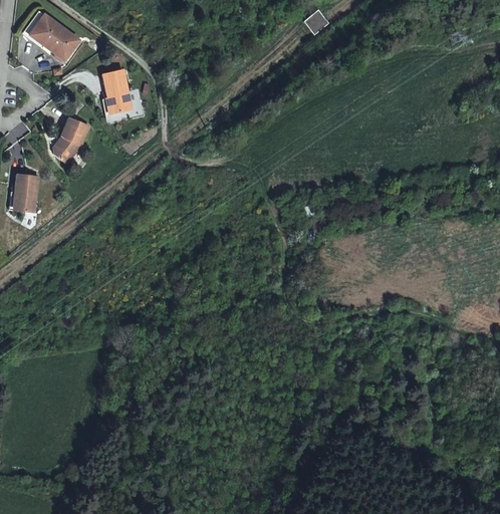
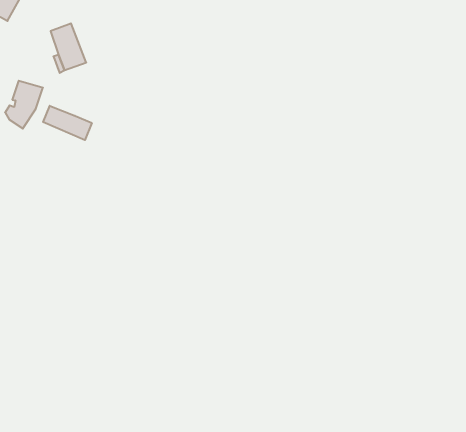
building: none -> [43,106,92,140]

